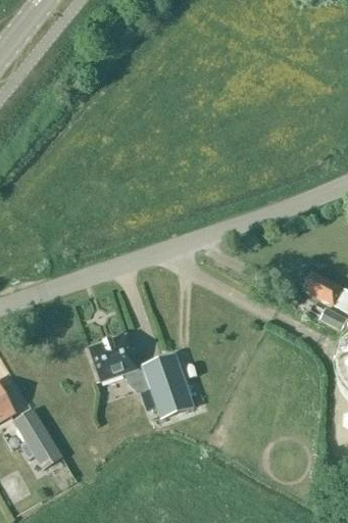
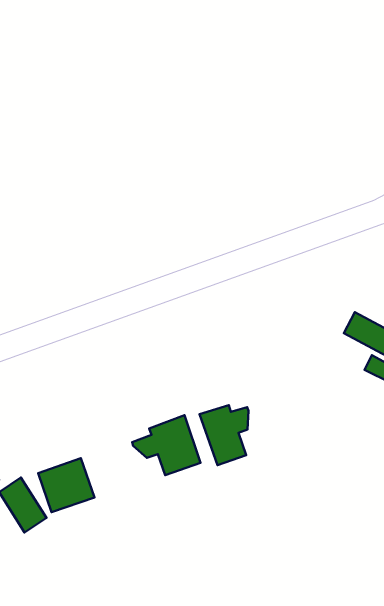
building: [91,336,138,381] -> [38,458,94,512]
building: none -> [199,405,249,465]

